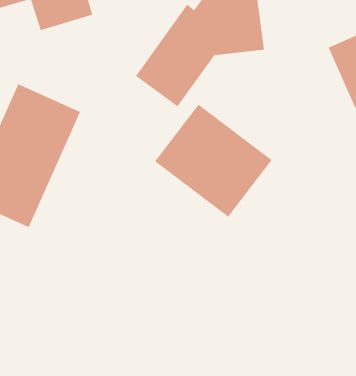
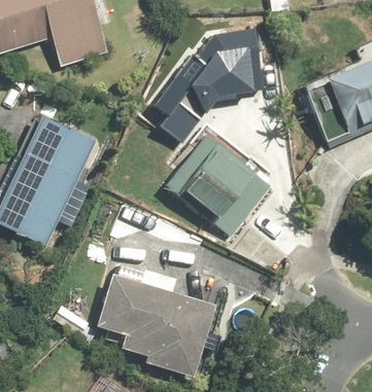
building: none -> [96,273,214,375]

